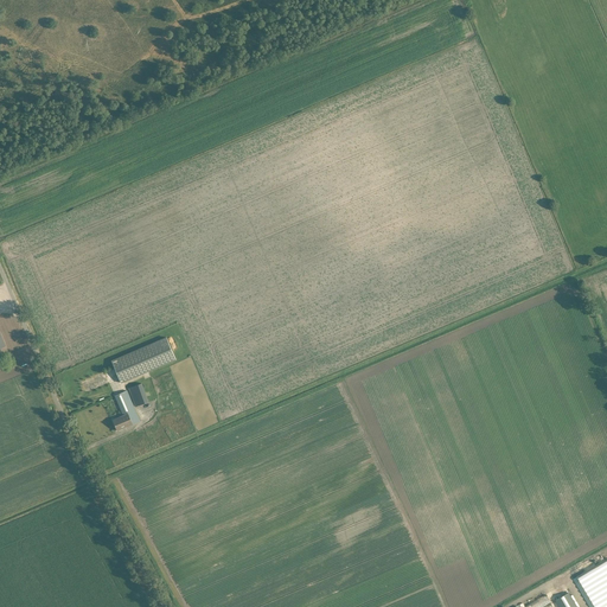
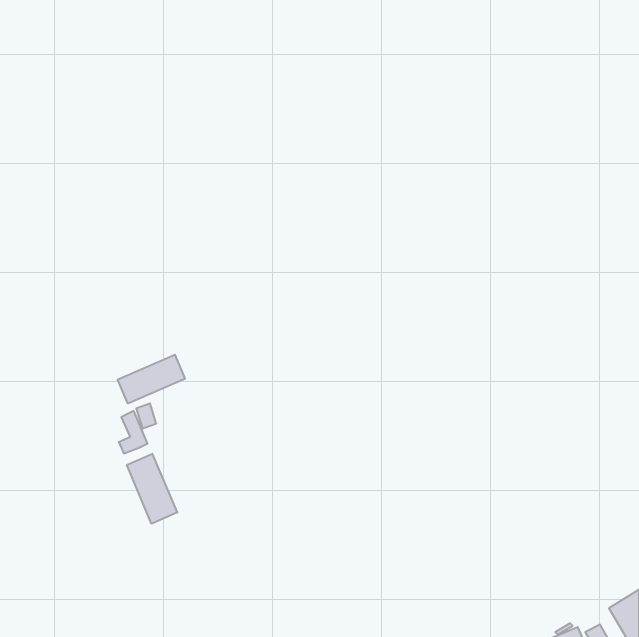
building: none -> [127,454,177,524]

